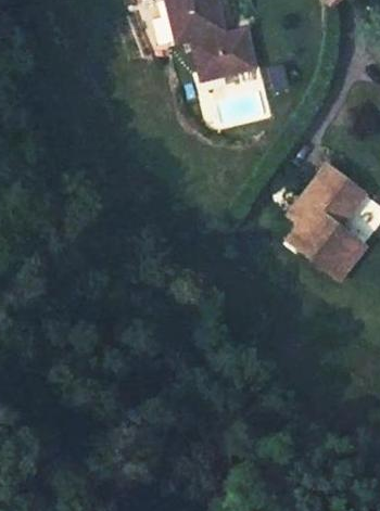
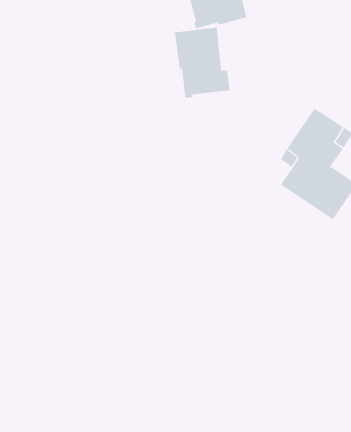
building: none -> [174,27,230,98]

